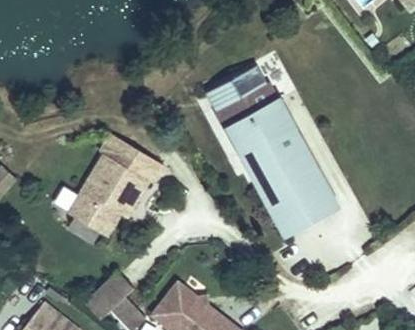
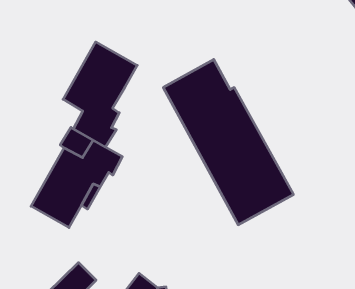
building: none -> [63,42,137,147]

